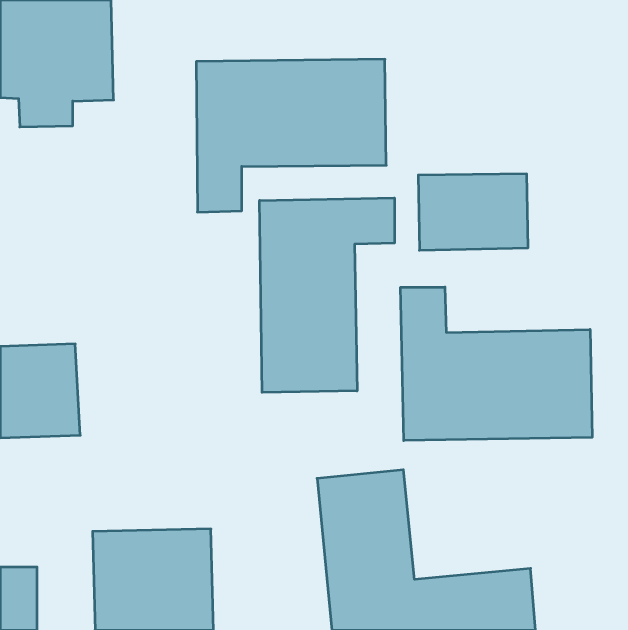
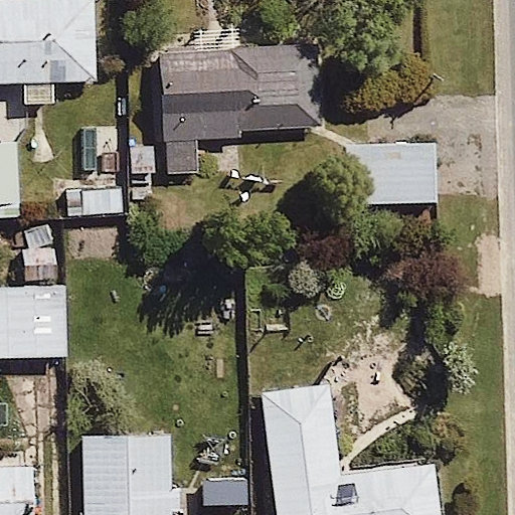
building: [260,198,394,392] -> none
building: [401,287,592,441] -> none

